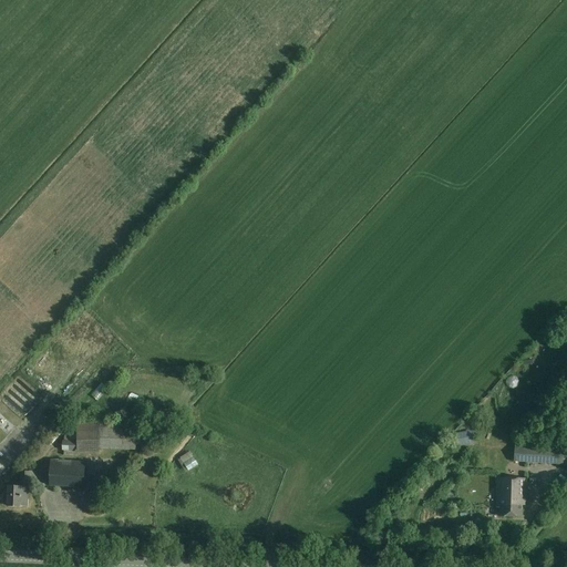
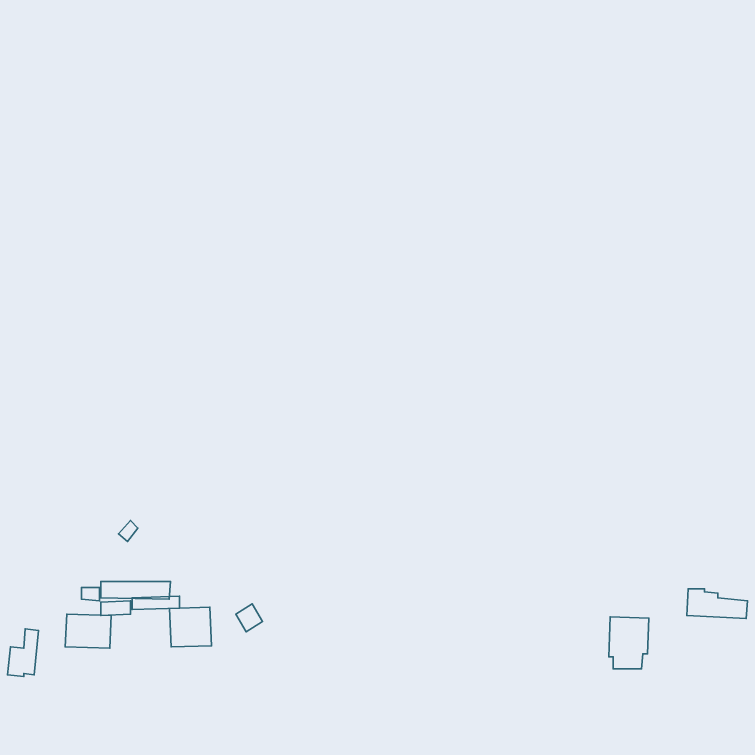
building: none -> [170,607,211,647]
building: [495,475,525,514] -> [609,617,649,669]

